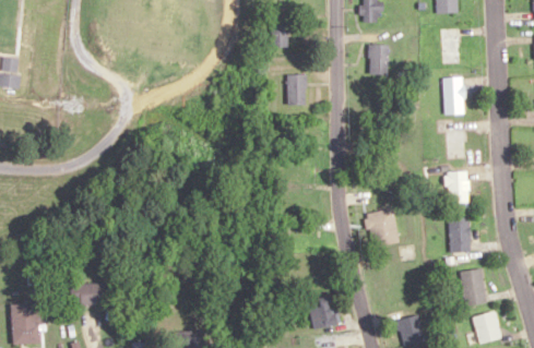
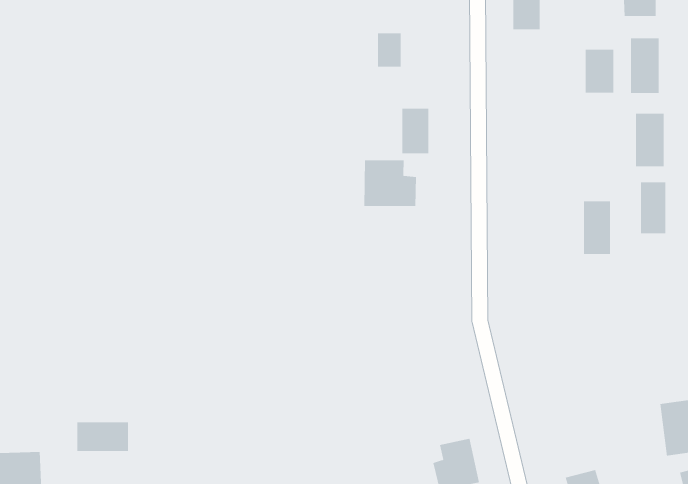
building: [368,45,388,74] -> [585,49,614,93]
building: none -> [364,159,417,207]
building: [449,171,467,207] -> [583,201,611,255]
building: [363,207,401,248] -> none
building: [450,218,470,252] -> none

